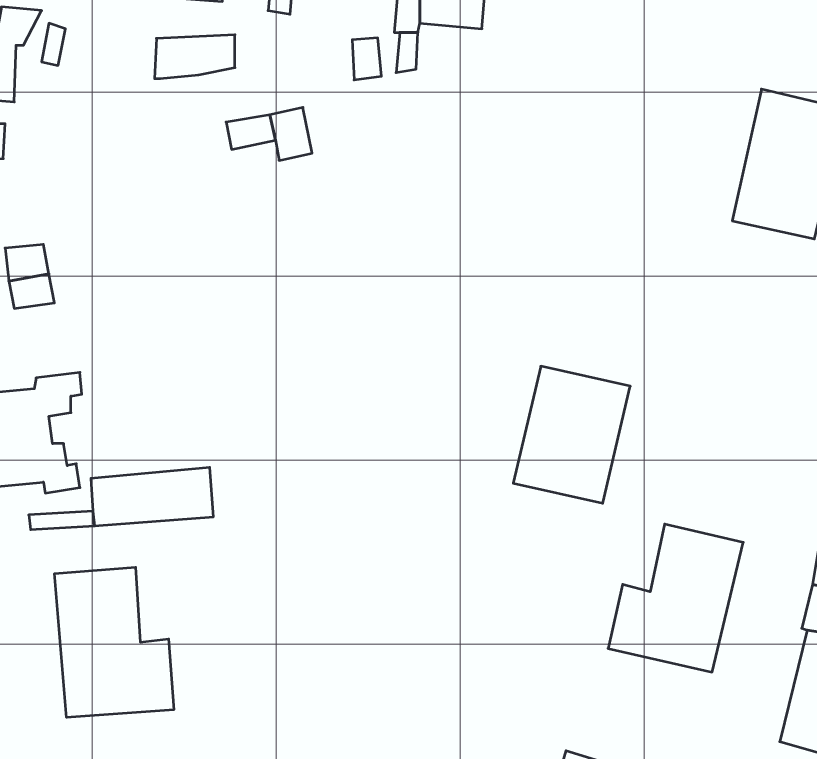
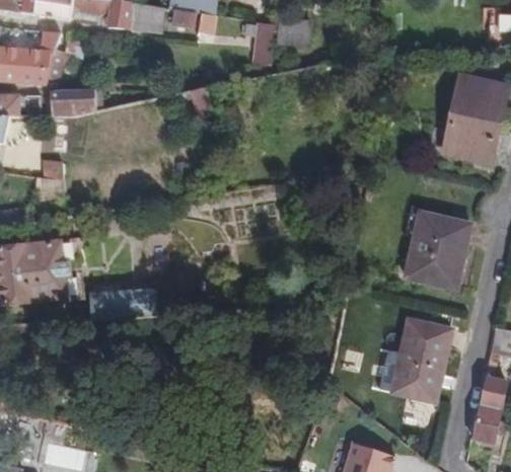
building: [155,35,235,79] -> [51,91,95,115]
building: [513,366,630,503] -> [405,211,469,287]
building: [55,567,174,717] -> none

